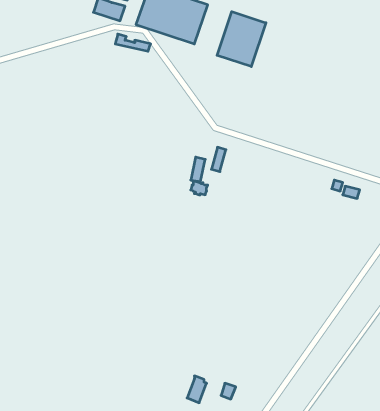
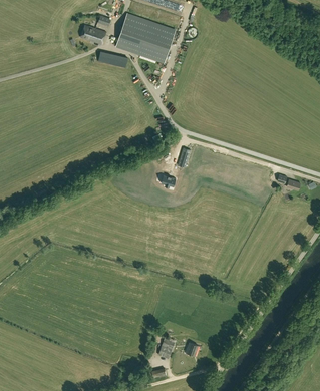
building: [217,12,266,67] -> none

